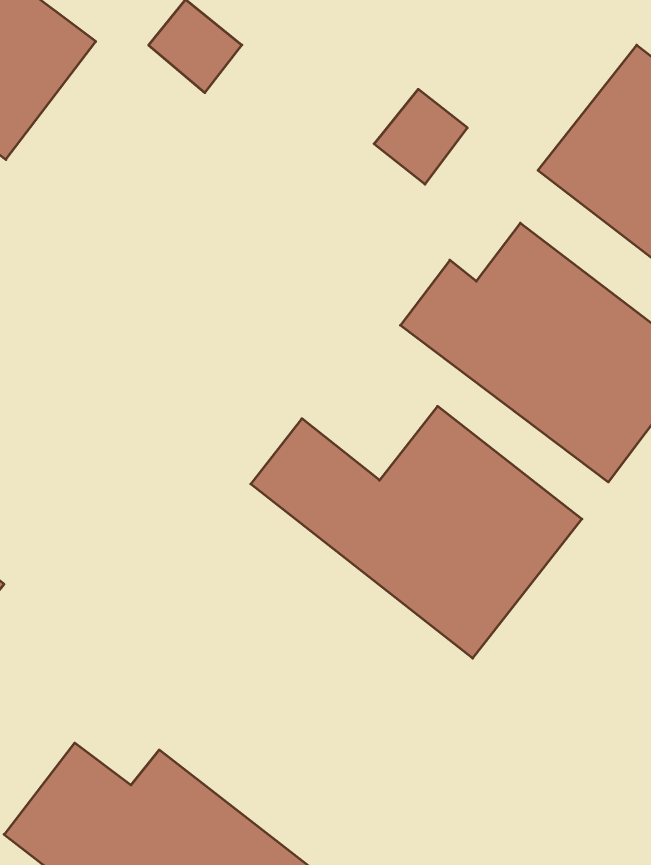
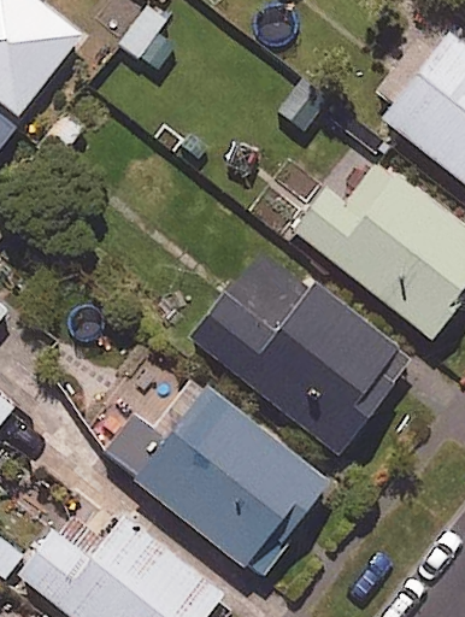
building: none -> [104,388,329,574]

